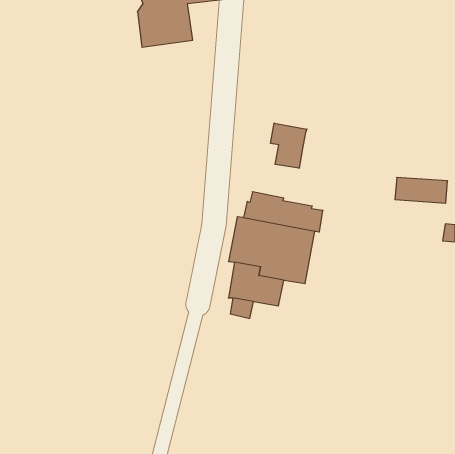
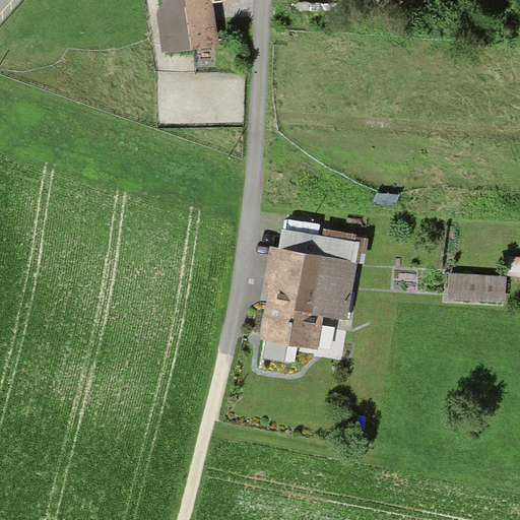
building: [271,123,307,168] -> none
building: [395,177,448,203] -> [447,272,507,302]

